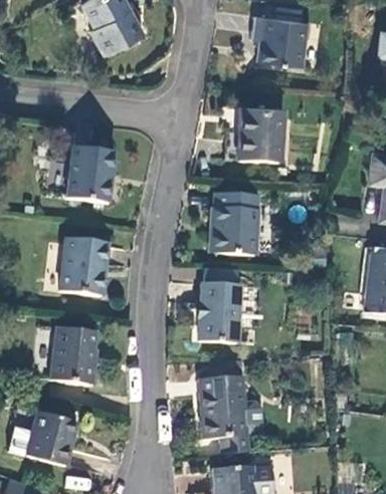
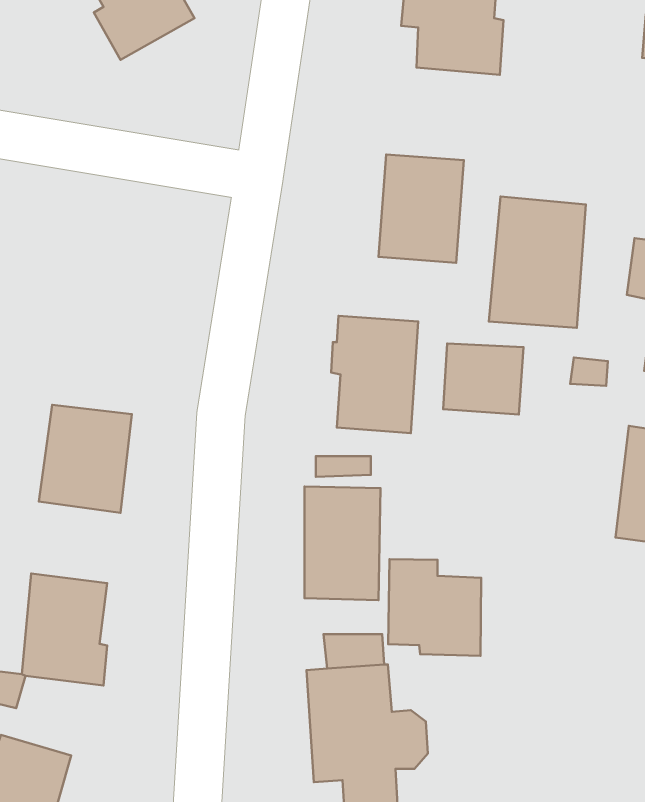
building: none -> [489,196,586,328]
building: [65,147,114,206] -> none
building: none -> [443,344,523,415]
building: none -> [388,559,481,656]

